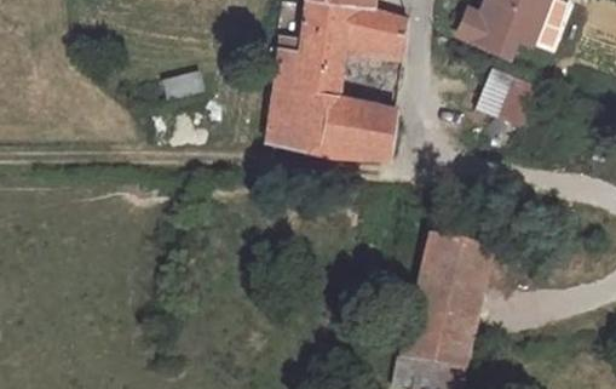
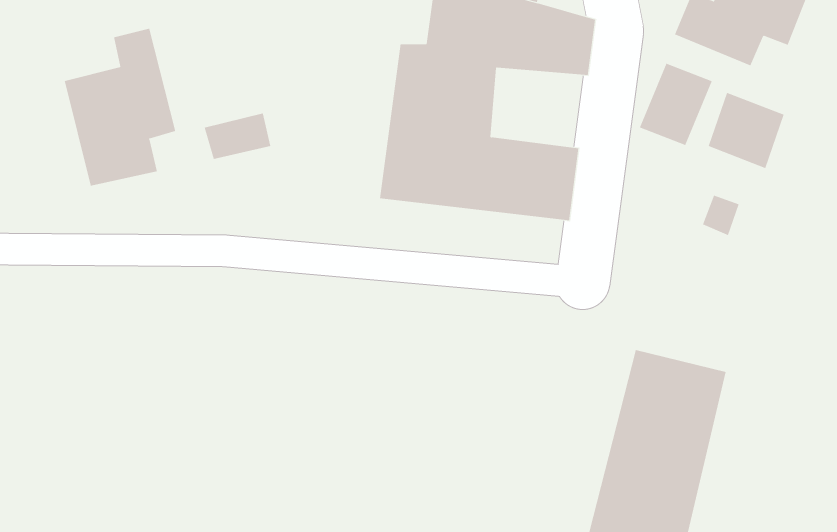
building: none -> [64,28,176,187]
building: none -> [639,63,713,146]

